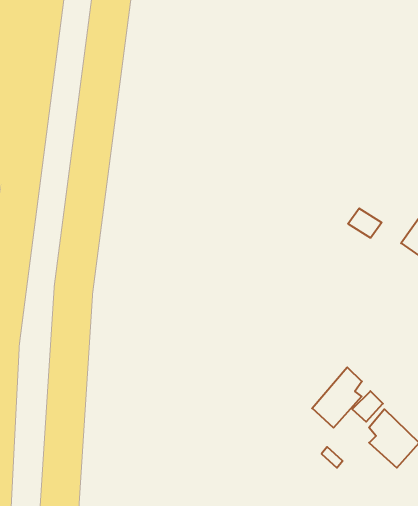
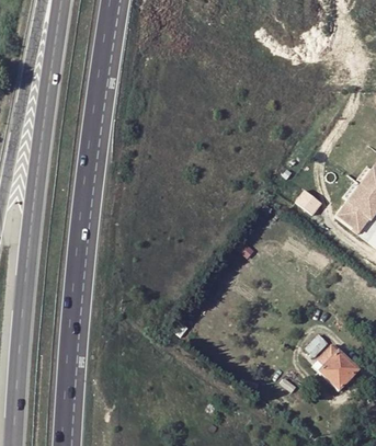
building: [312,367,362,428] -> none

